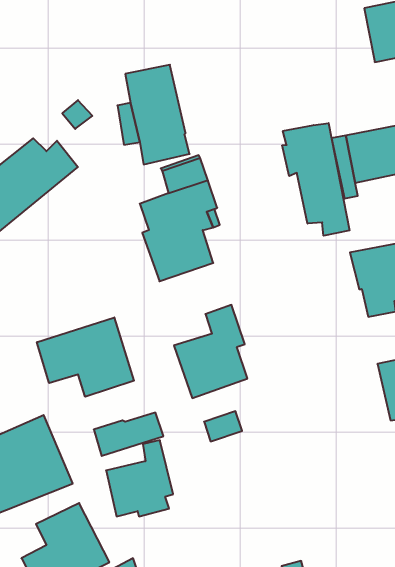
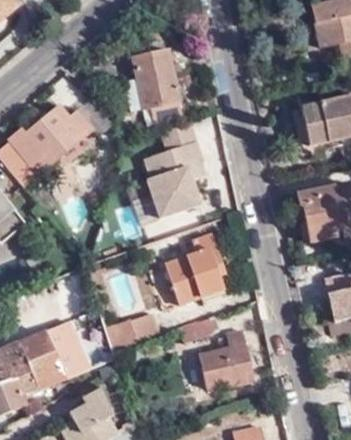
building: [282,123,350,236] -> none
building: [37,317,134,397] -> none
building: [106,440,173,516] -> [201,330,252,388]

